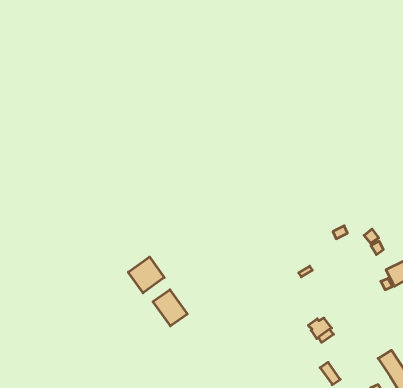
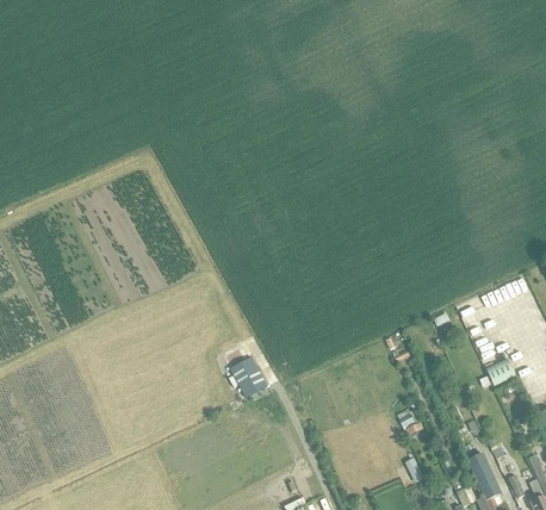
building: [128,257,164,293] -> none

